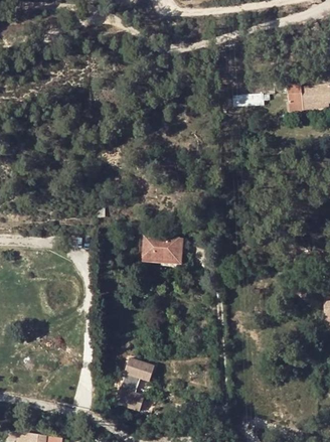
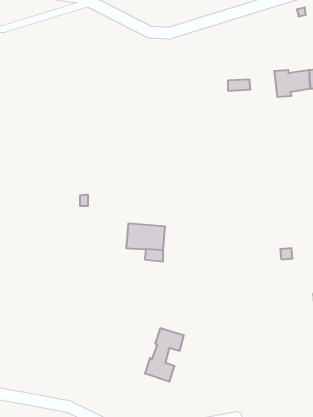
building: [117,359,155,412] -> [145,328,184,382]

